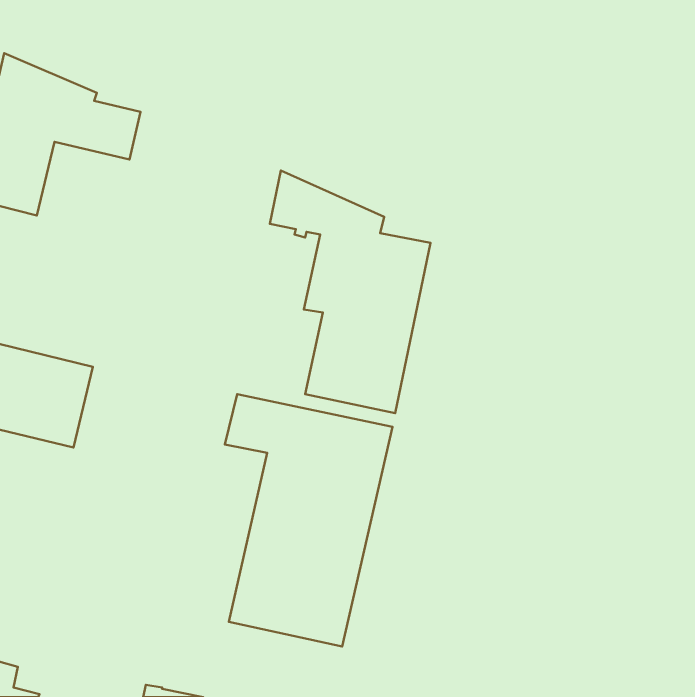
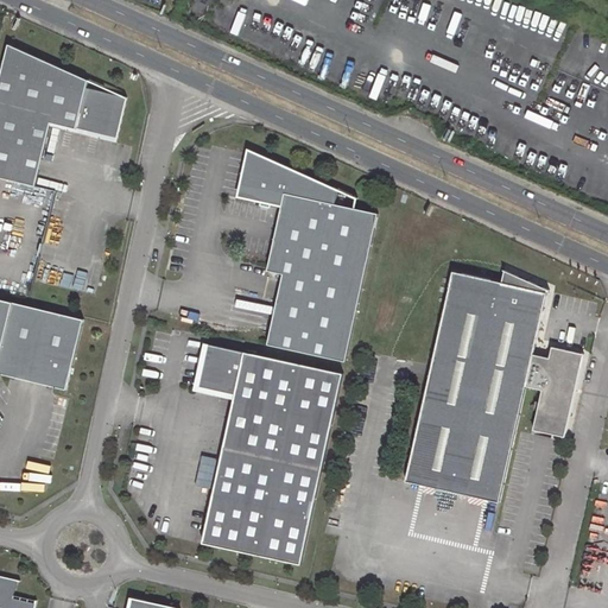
building: none -> [405,272,582,504]

